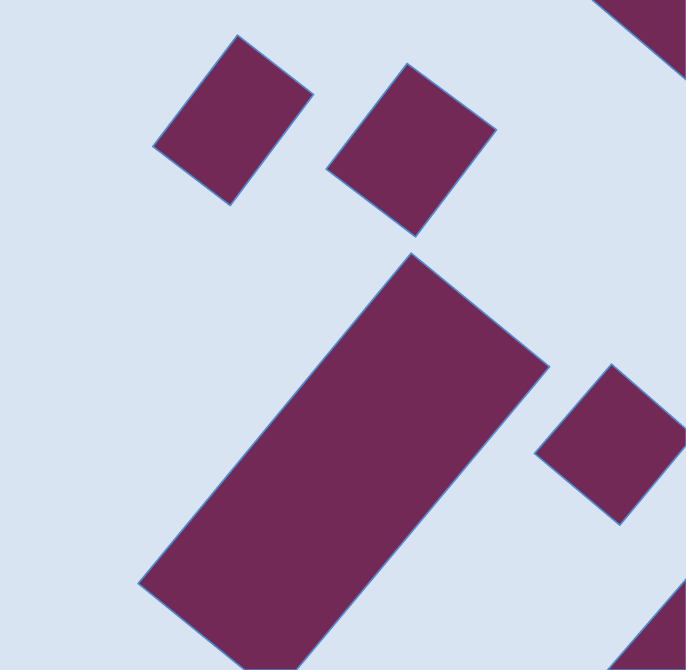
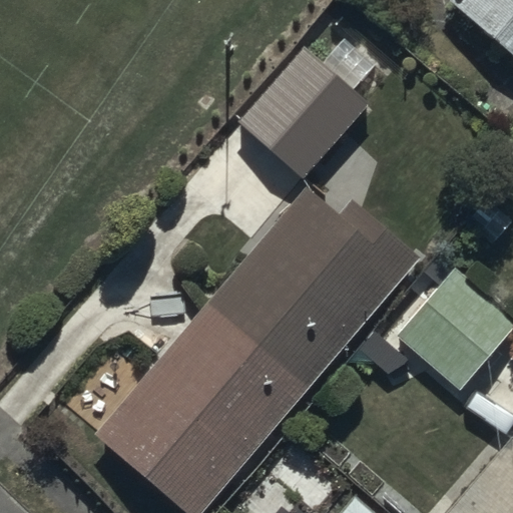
building: [153,35,314,205] -> none

